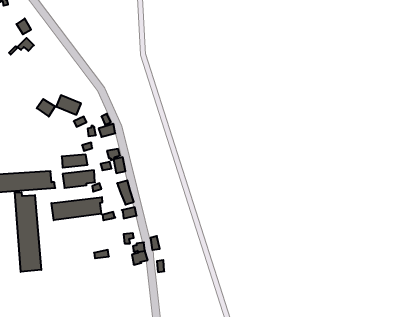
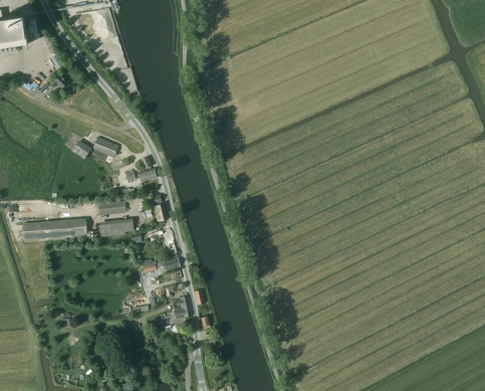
building: [15,192,41,272] -> none
building: [51,197,102,220] -> none

